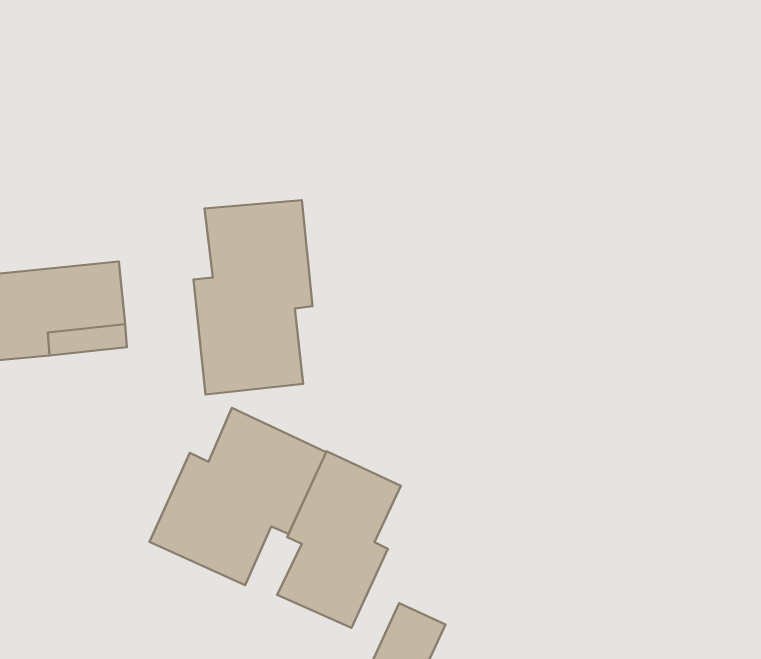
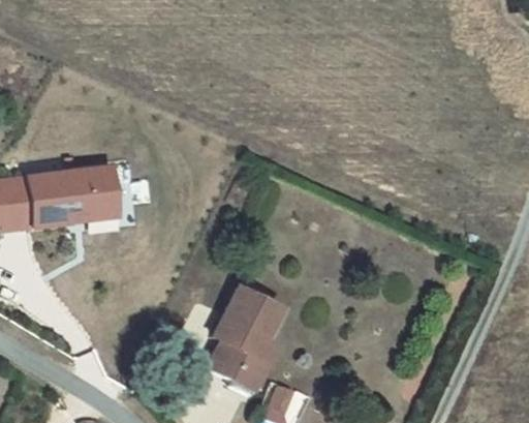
building: [194,200,312,394] -> none
building: [149,408,326,585] -> none

